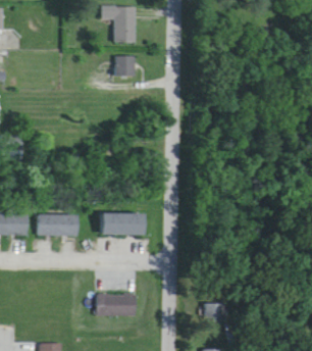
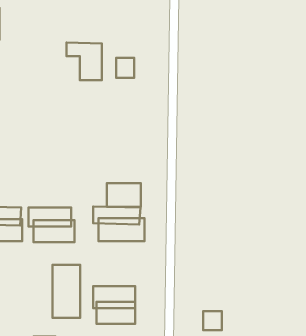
building: [102,7,137,44] -> [66,42,102,80]
building: none -> [107,183,141,207]
building: none -> [53,265,80,318]

